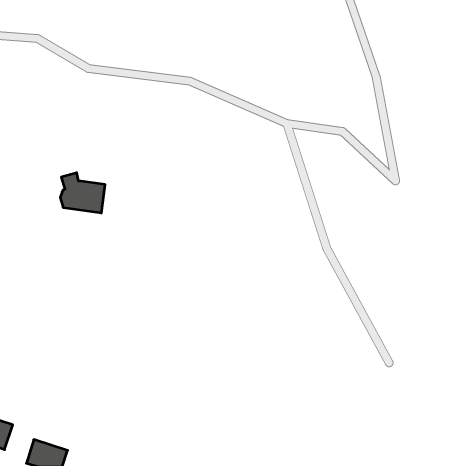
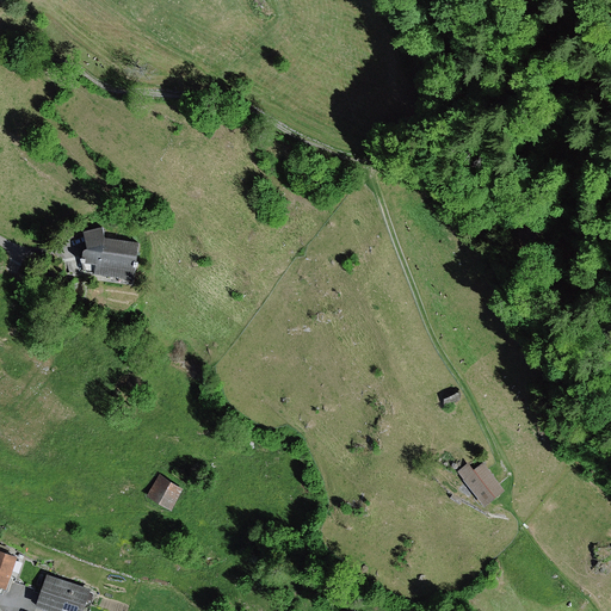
building: none -> [462,463,506,507]
building: none -> [146,474,183,508]

